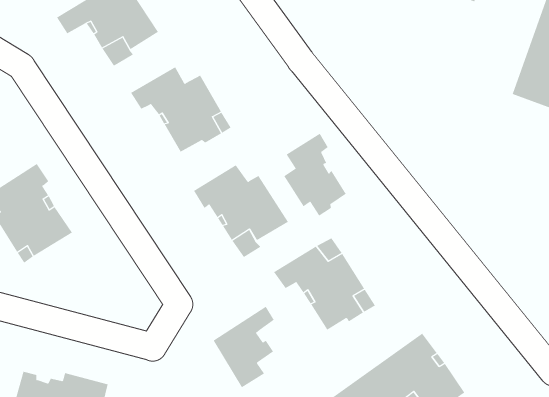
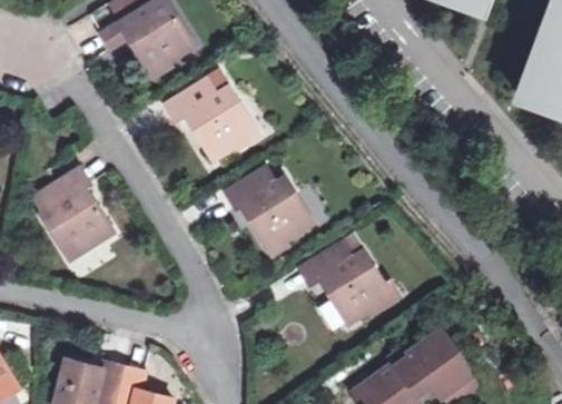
building: [284,133,347,216] -> none
building: [213,306,275,388] -> none

